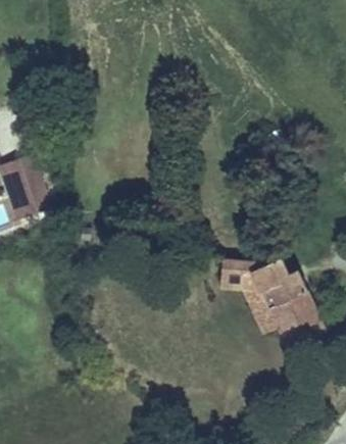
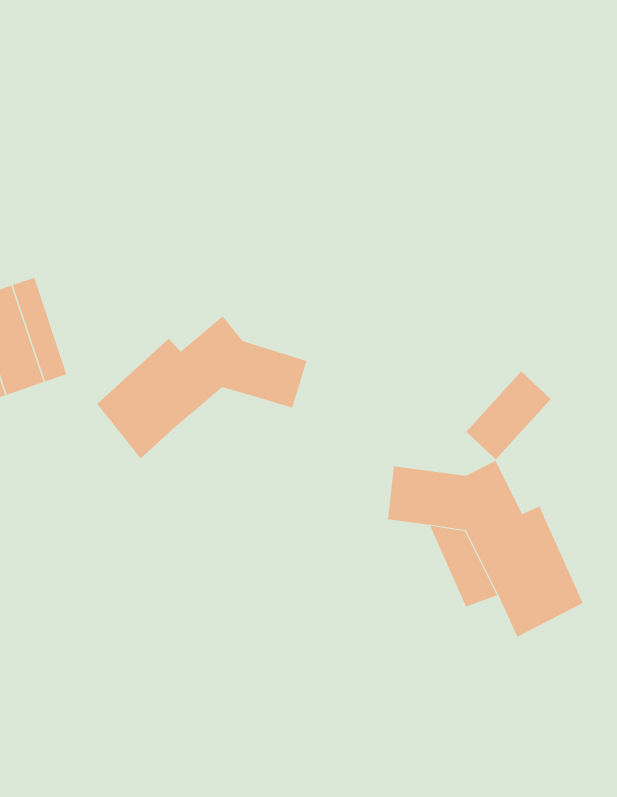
building: none -> [97,316,307,459]
building: none -> [466,371,552,460]

